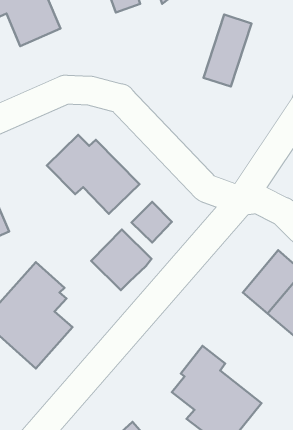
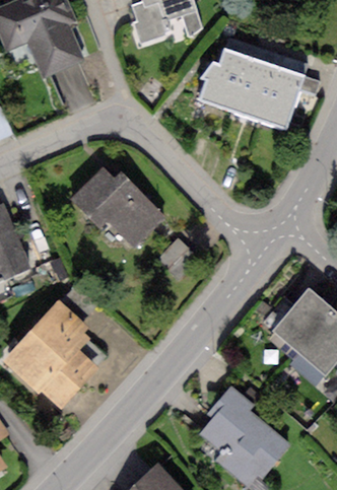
building: none -> [199,37,253,110]
building: none -> [260,54,309,128]
building: [91,229,151,290] -> none

